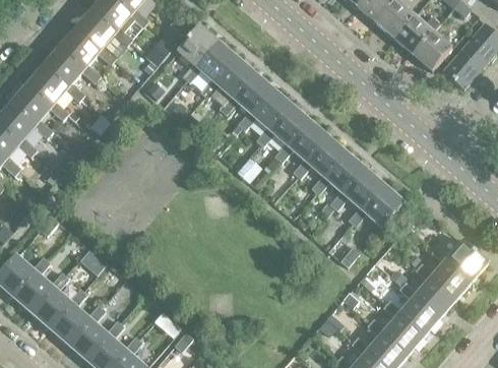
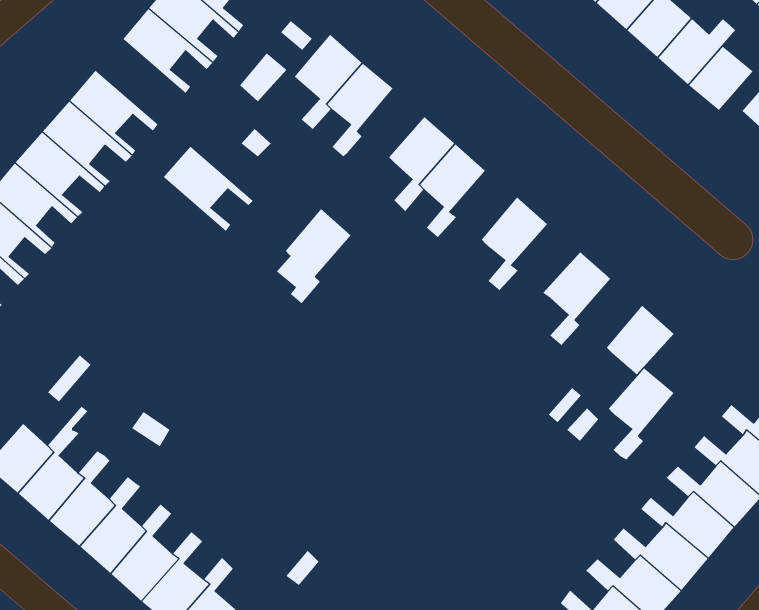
building: [60,27,114,78] -> [163,146,254,232]
building: [210,57,255,114] -> [276,208,352,304]
building: [270,106,310,162] -> none
building: [307,137,348,193] -> none
building: [345,170,384,225] -> [608,367,675,460]

